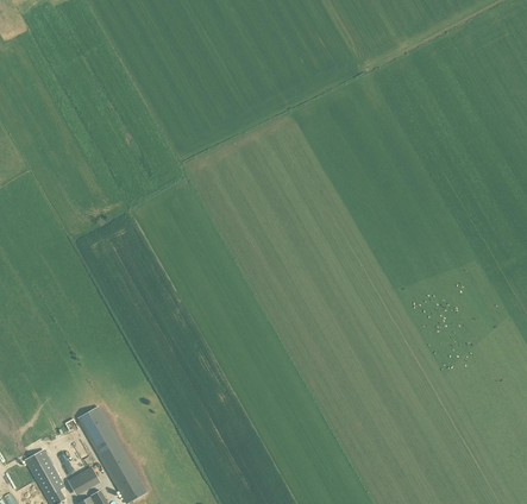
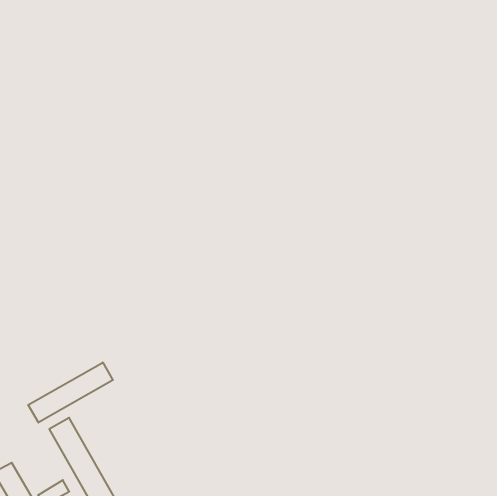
building: none -> [28,362,113,423]

